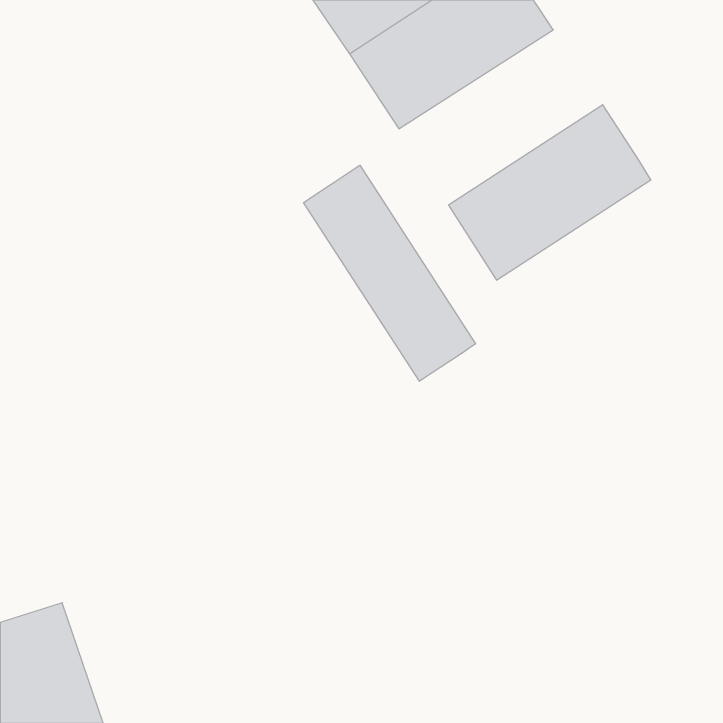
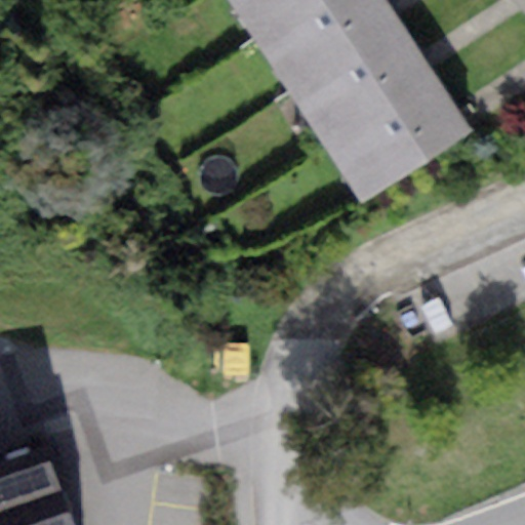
building: none -> [289,22,437,149]
building: [304,165,476,381] -> none

